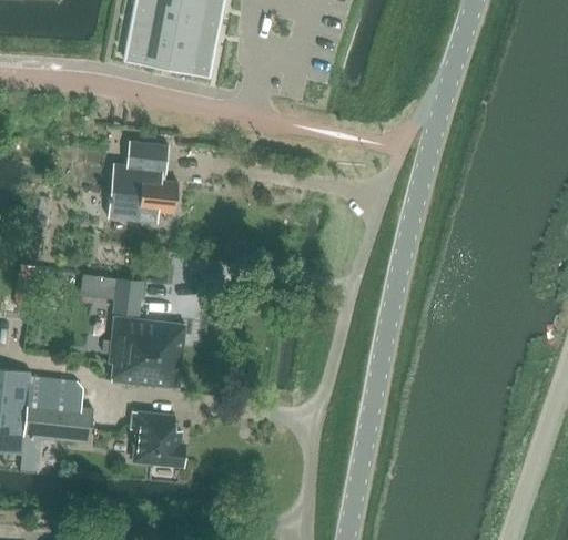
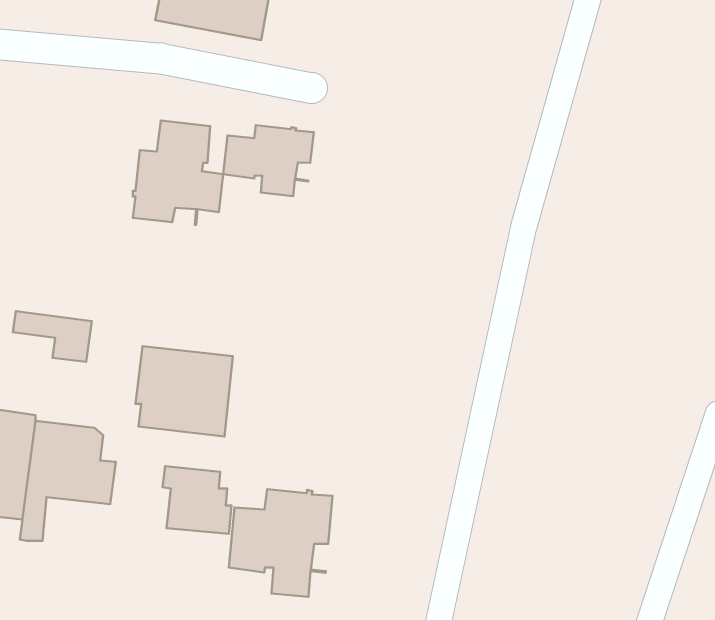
building: none -> [223,125,314,196]
building: [79,274,141,314] -> [13,311,92,362]
building: none -> [229,489,333,597]

